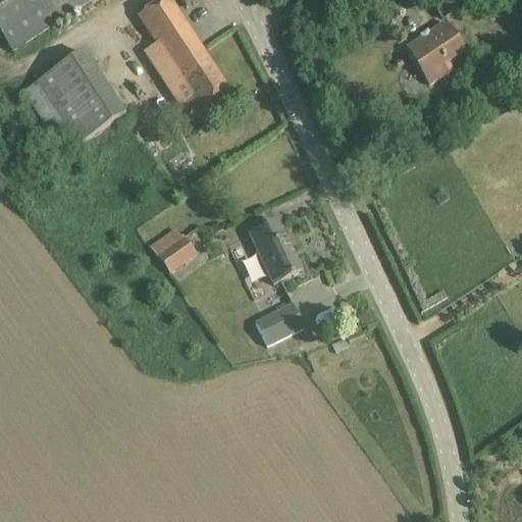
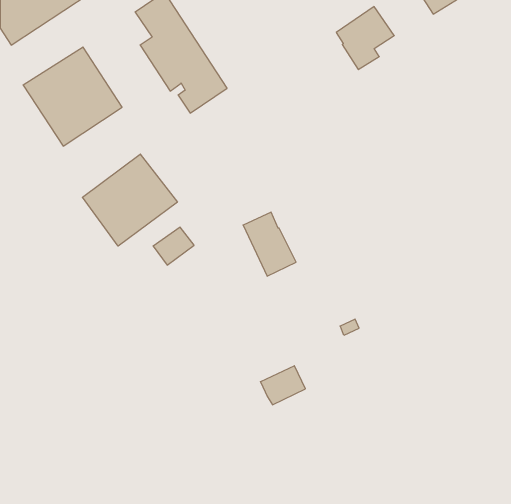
building: [406,16,465,81] -> [336,7,394,70]
building: none -> [82,154,177,246]
building: [255,302,301,342] -> [260,366,305,405]

